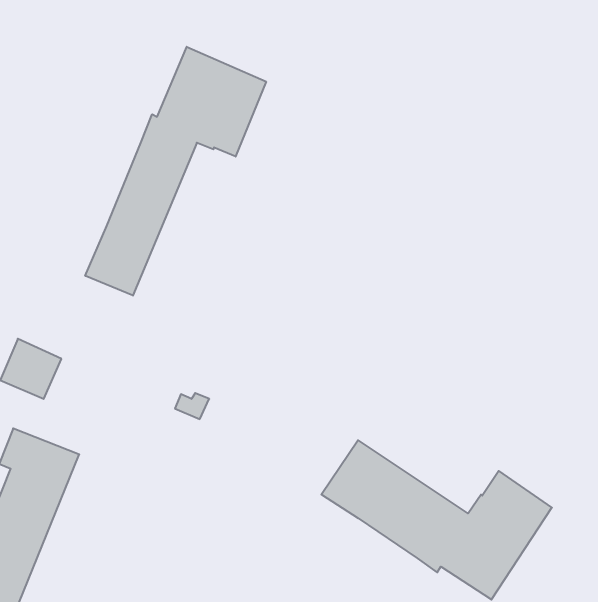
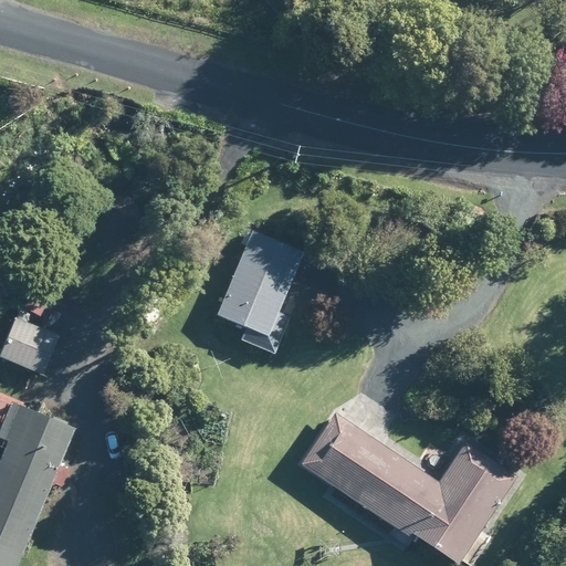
building: [85,47,266,296] -> none
building: none -> [218,231,302,356]

